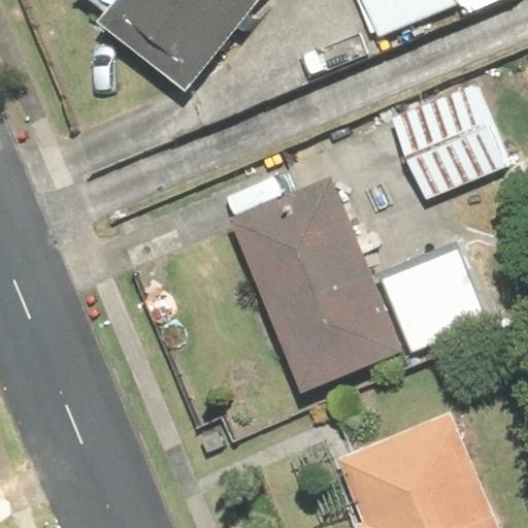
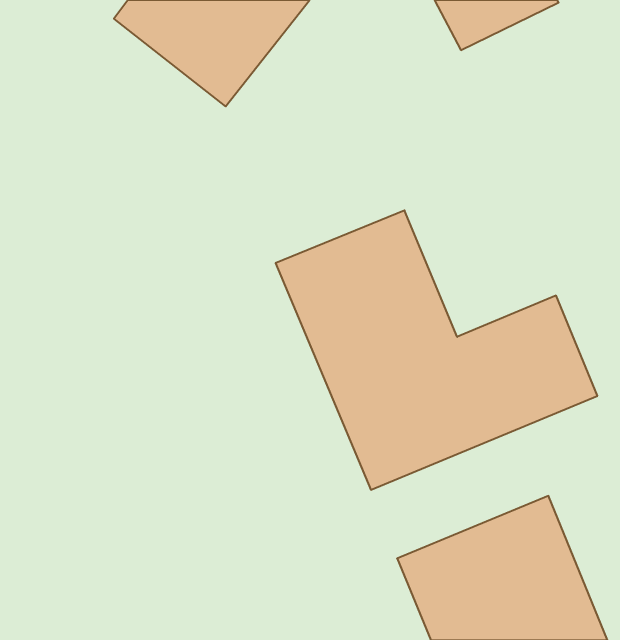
building: [387,81,501,193] -> none

